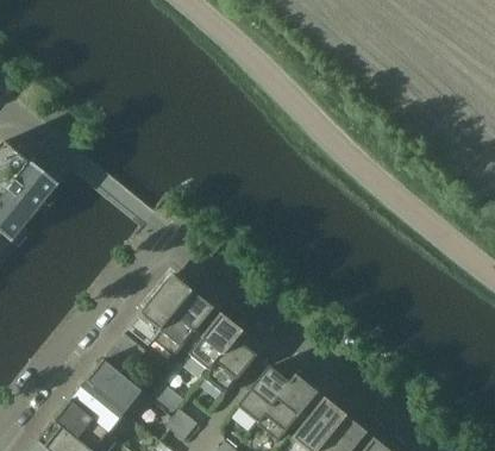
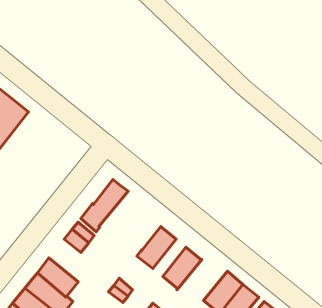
building: [151,290,212,356] -> none
building: [188,314,242,370] -> none
building: [84,359,149,420] -> none
building: [256,375,315,439] -> none

